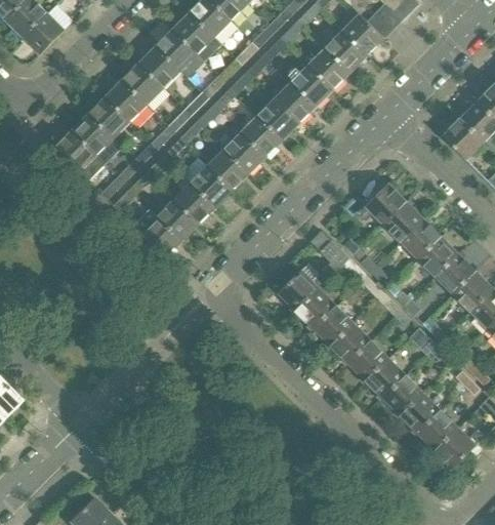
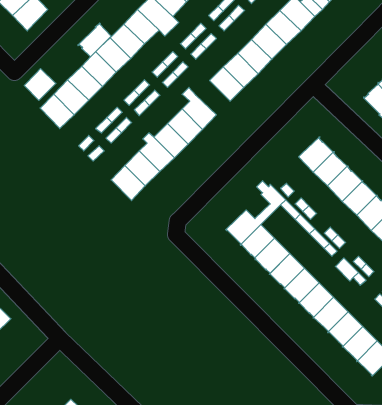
building: none -> [78,23,111,57]
building: none -> [24,69,56,100]
building: [241,115,282,156] -> none

